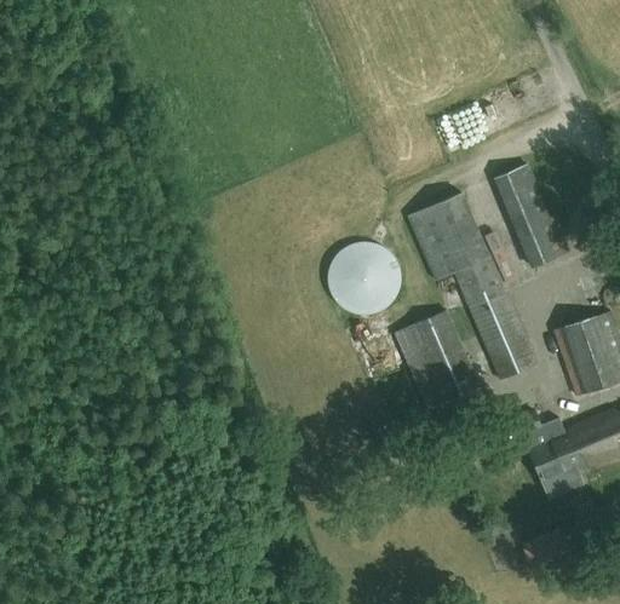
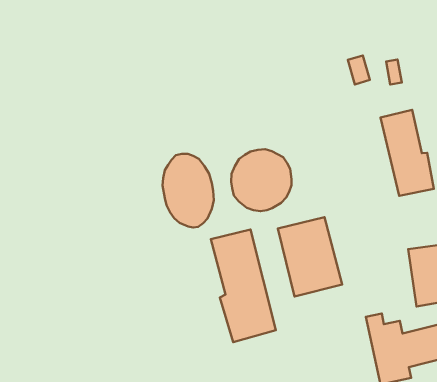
building: [408,191,536,380] -> none
building: none -> [163,154,214,227]
building: none -> [211,229,276,342]

